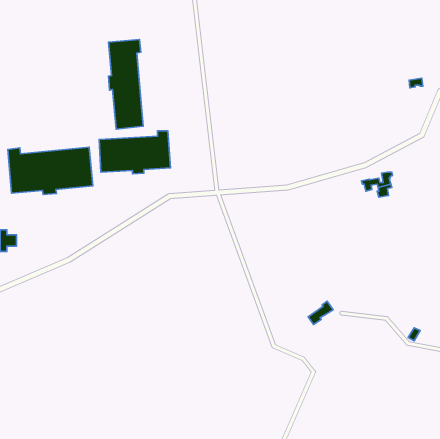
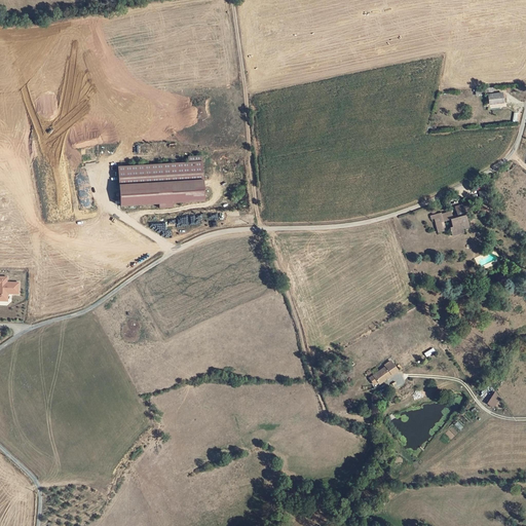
building: [109,39,143,129] -> none
building: [8,147,93,194] -> none

